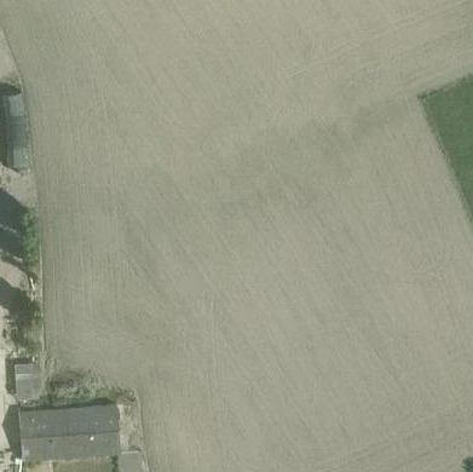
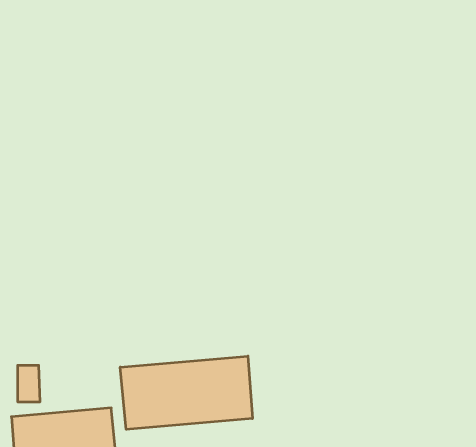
building: none -> [120,356,252,429]

